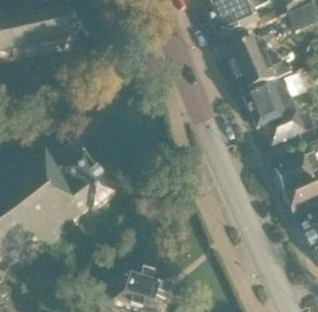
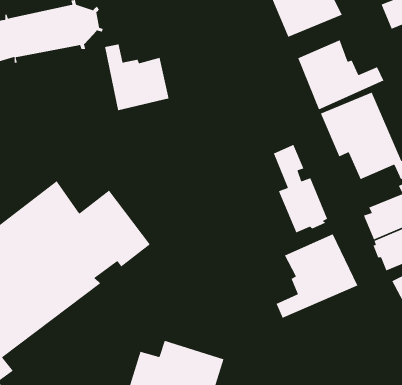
building: none -> [104,43,169,111]
building: none -> [273,144,328,234]
building: none -> [275,233,358,319]

